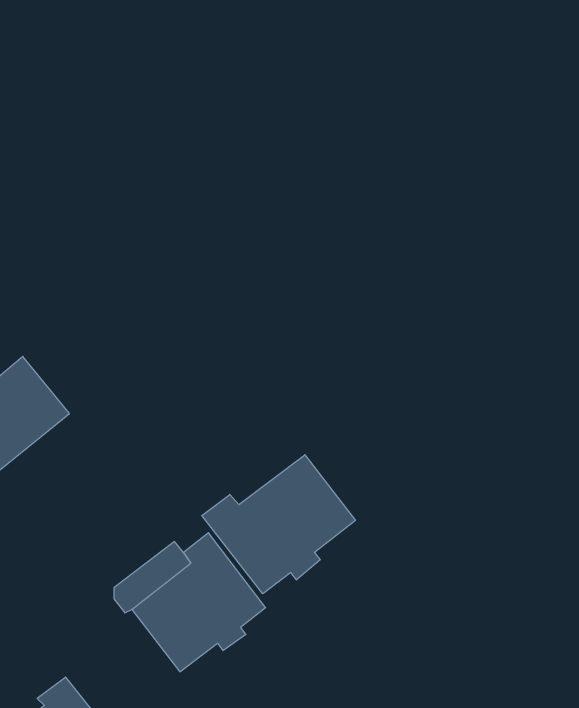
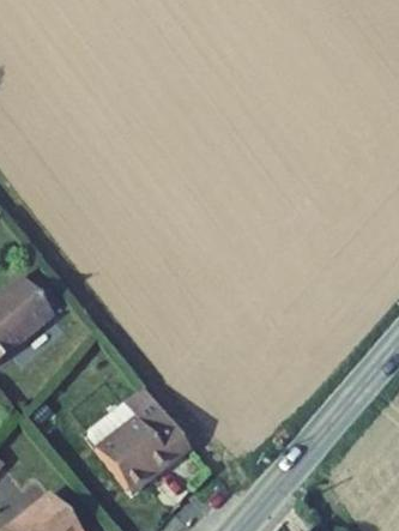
building: [202,455,355,594] -> none

